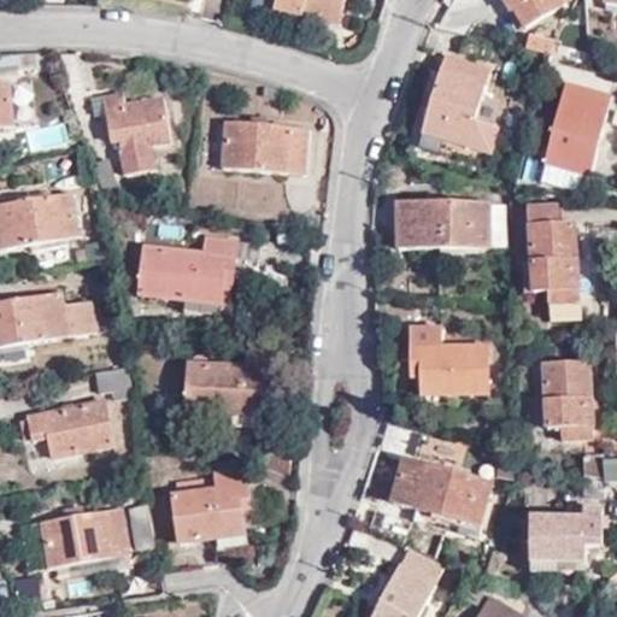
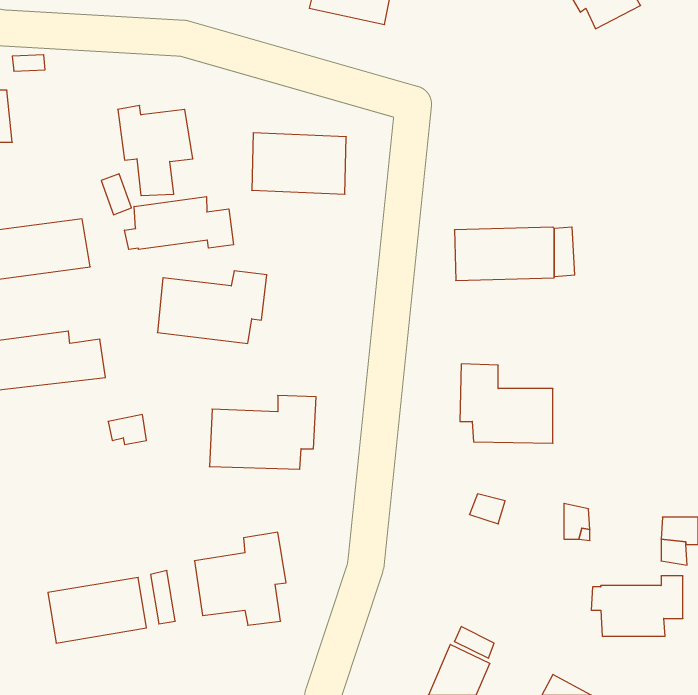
building: [417,53,498,152] -> none
building: [541,82,609,174] -> none
building: none -> [125,197,234,249]
building: [528,202,581,302] -> none
building: [541,360,589,439] -> none
building: [22,396,111,454] -> none
building: [392,457,490,536] -> none

